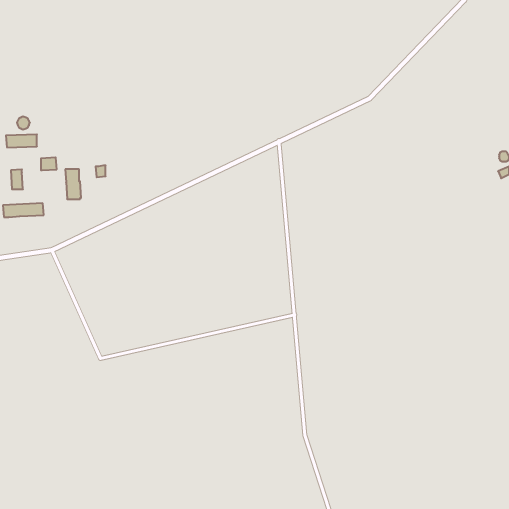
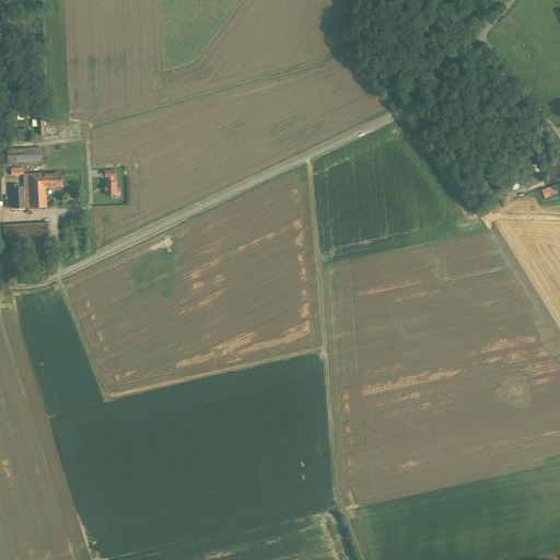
building: [65,169,81,199] -> [30,174,47,207]

